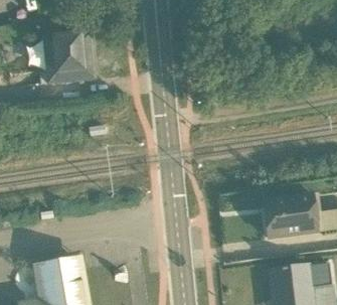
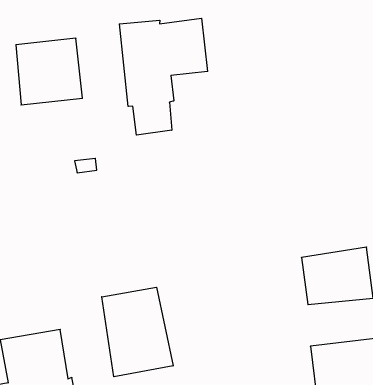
building: none -> [119,18,208,135]
building: none -> [102,287,173,377]

